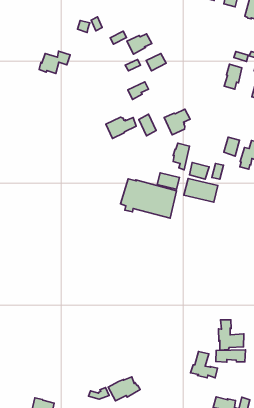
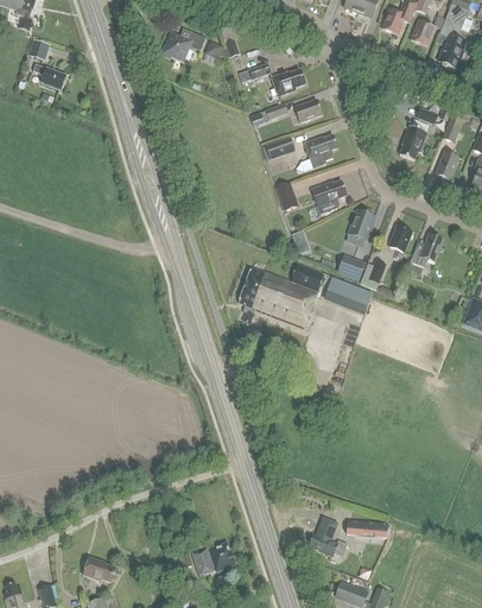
building: [39,51,70,74] -> [160,30,205,61]
building: none -> [304,134,337,166]
building: [106,117,136,138] -> none
building: [173,143,189,170] -> [349,209,374,247]
building: [219,320,244,350] -> none

